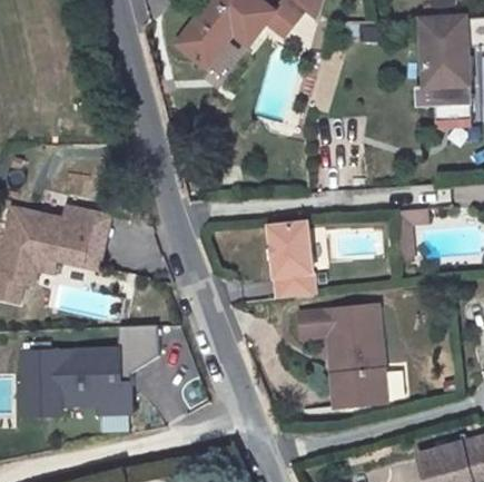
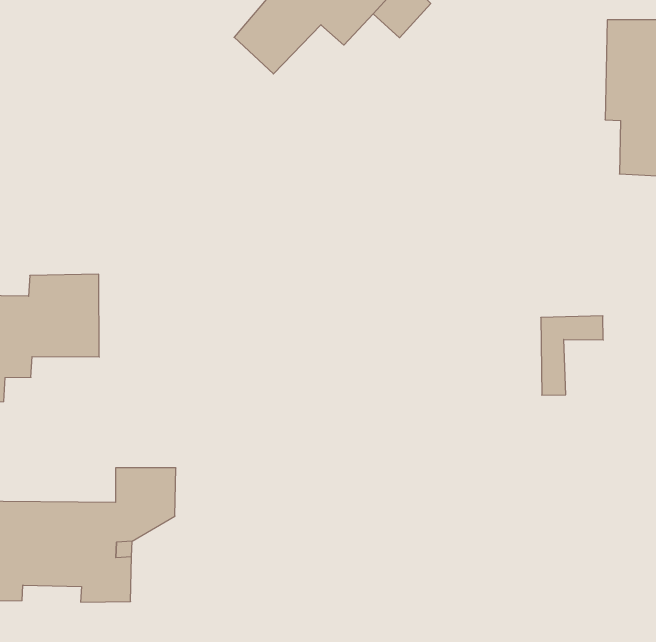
building: [267,225,314,297] -> none
building: [320,311,385,415] -> none

